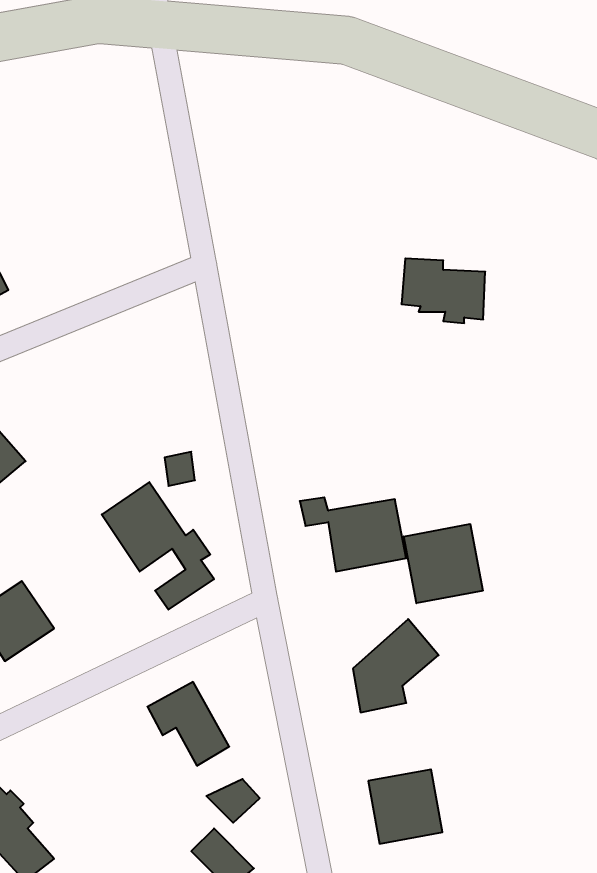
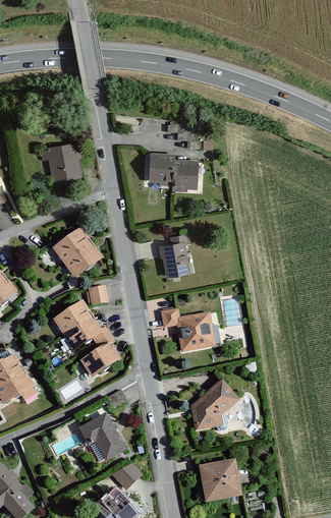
building: none -> [42,142,81,181]
building: [401,258,485,323] -> [149,155,194,189]
building: none -> [56,231,102,278]
building: none -> [162,236,191,277]
building: [404,524,483,603] -> none

